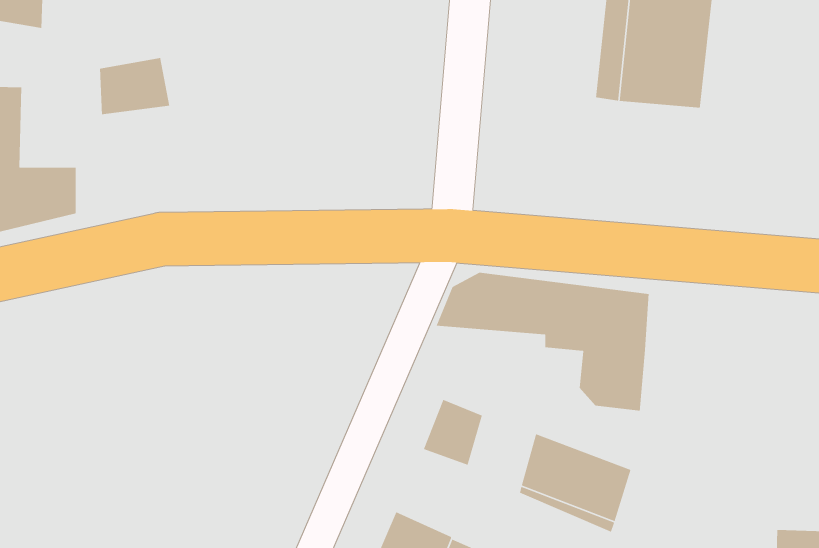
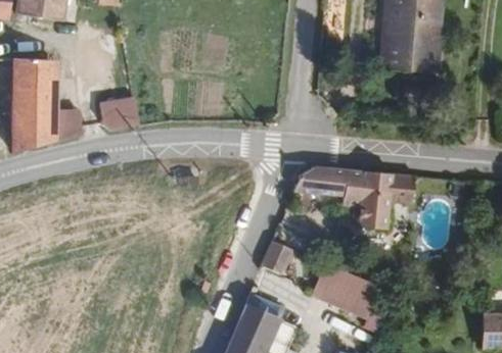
building: [99,57,170,115] -> [91,100,131,133]

